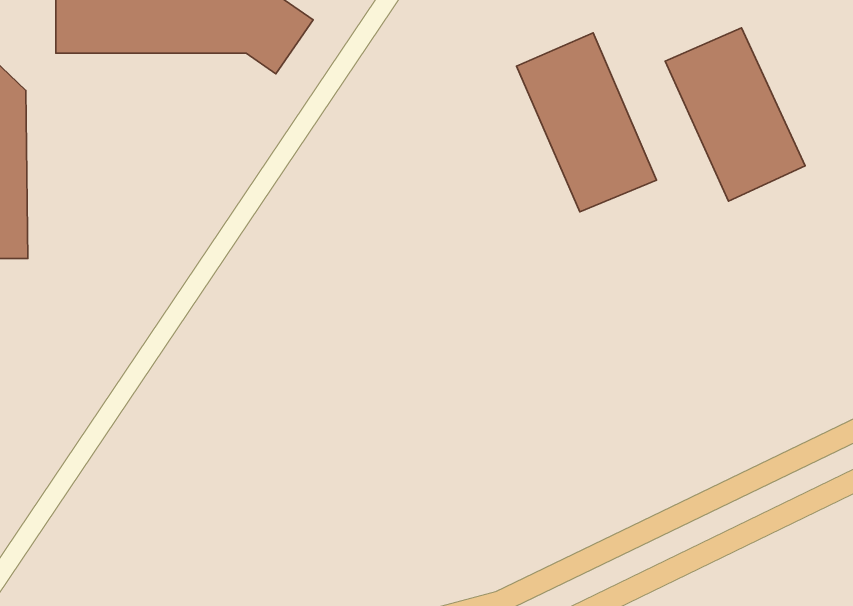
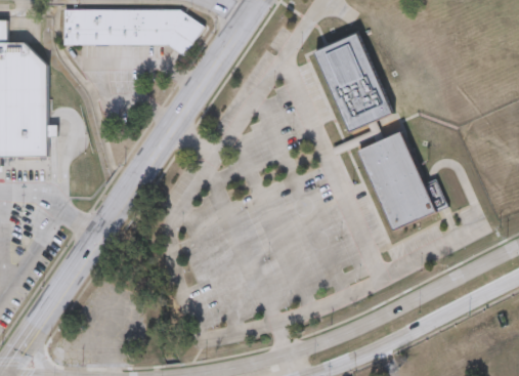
building: [665,28,805,201] -> [358,134,435,229]

